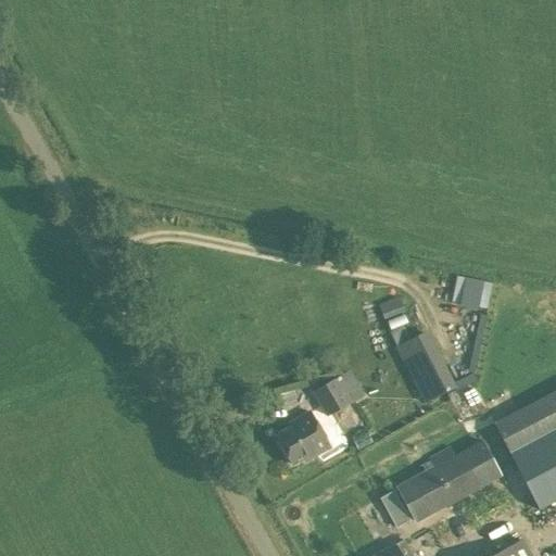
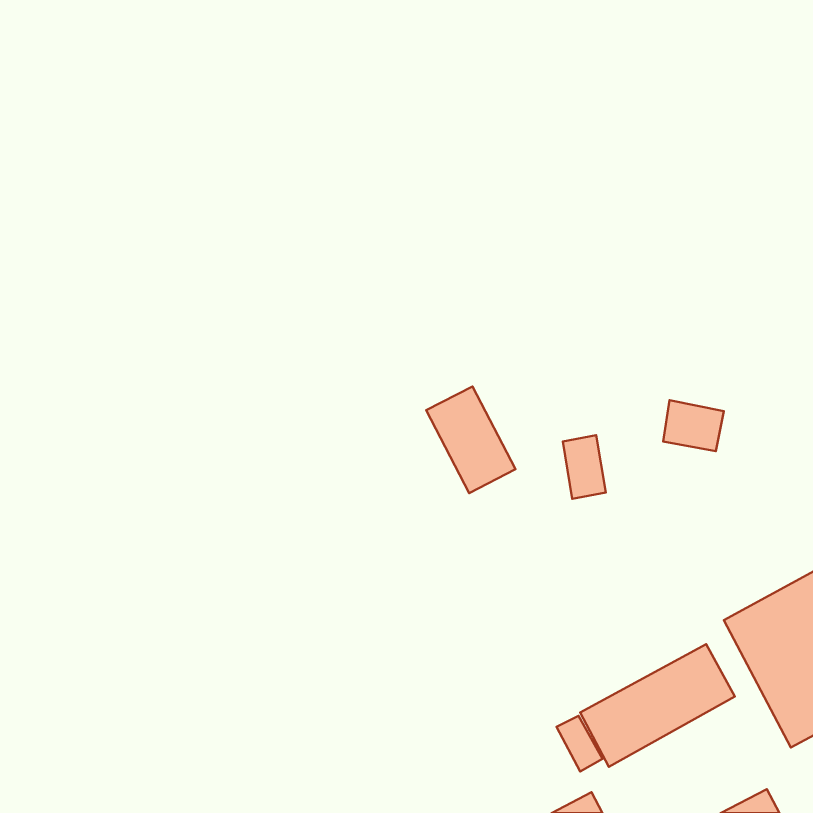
building: [396,330,457,403] -> [426,386,515,493]
building: [313,379,350,416] -> none
building: [275,412,329,465] -> none

